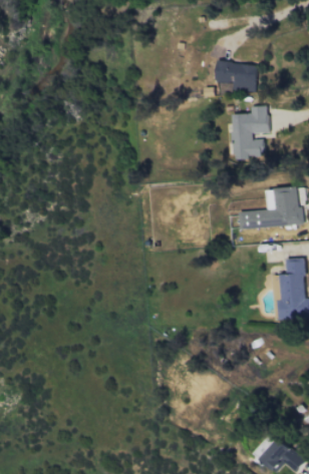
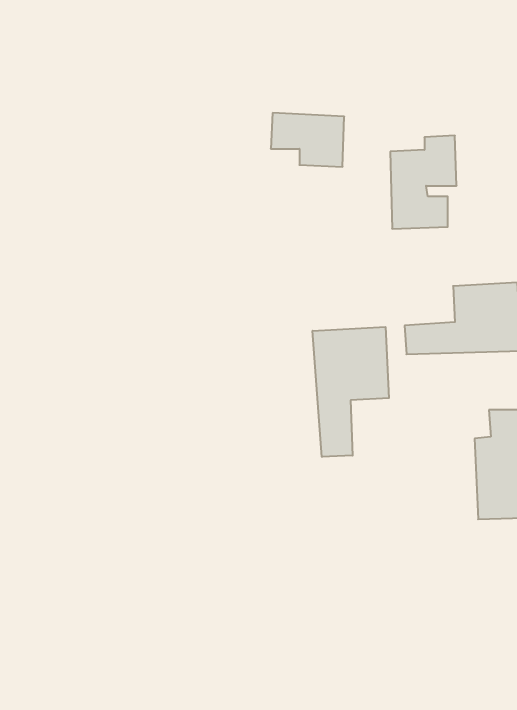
building: [216,62,257,92] -> [271,113,344,167]
building: none -> [313,327,389,457]

